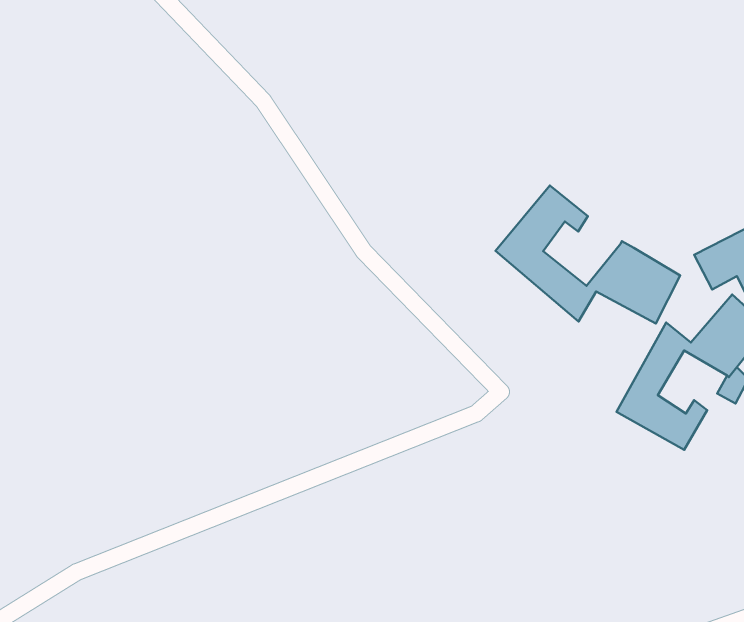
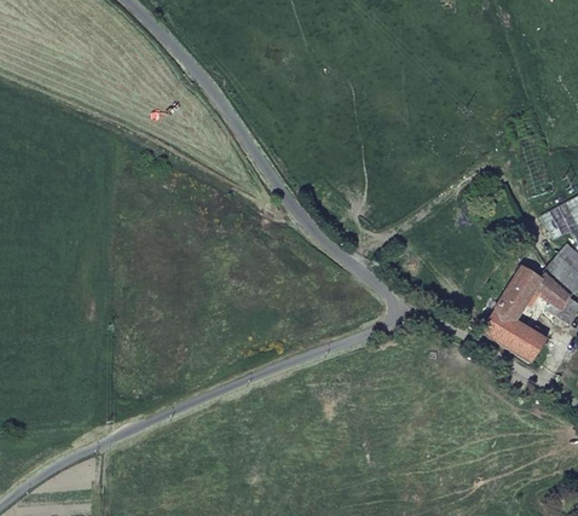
building: [495,185,680,323] -> none

